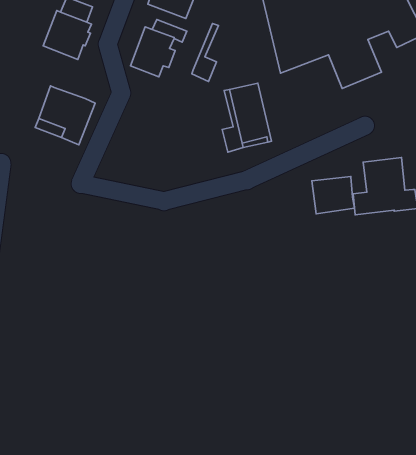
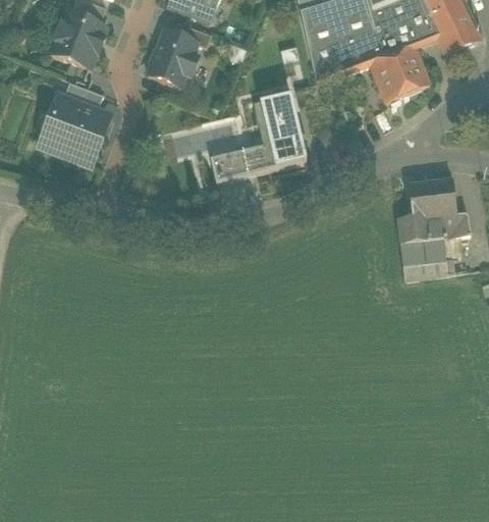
building: [192,24,218,81] -> none
building: none -> [63,82,104,111]
building: none -> [211,146,258,180]
building: [312,176,354,214] -> [400,237,448,278]

